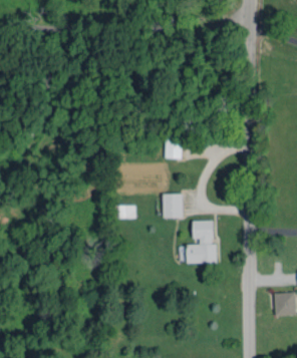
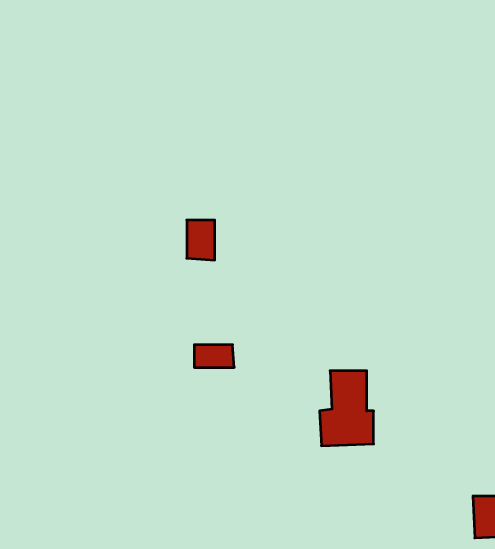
building: [166,136,182,159] -> [187,220,215,260]
building: [163,194,183,219] -> none

